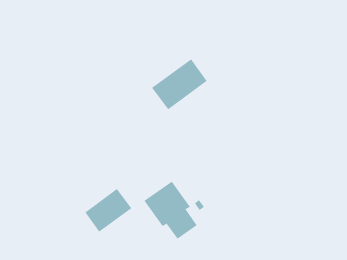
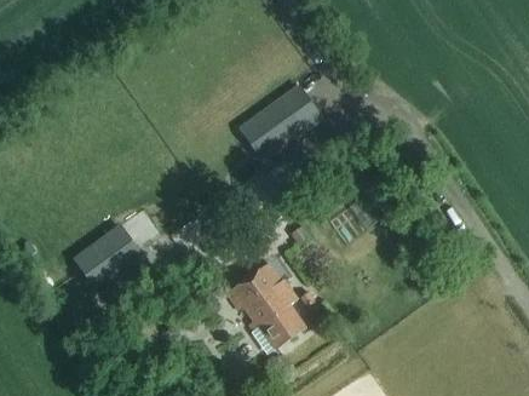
building: [84,188,132,233] -> [74,224,143,288]

